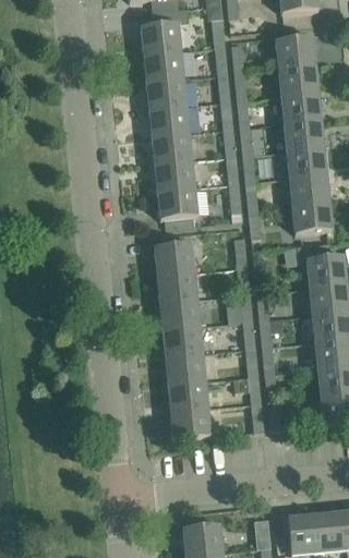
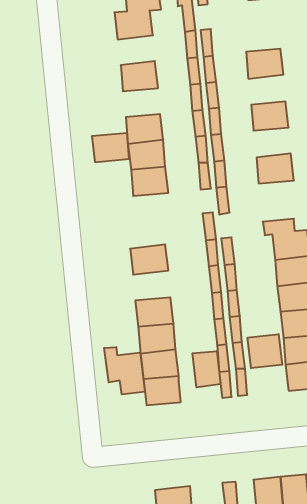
building: [276,36,315,66] -> none
building: [144,49,183,81] -> none
building: [281,90,321,122] -> none
building: [149,105,189,135] -> [92,133,129,162]
building: [287,146,326,178] -> none
building: [292,202,333,232] -> none
building: [155,242,194,274] -> none
building: [160,296,200,328] -> none
building: none -> [248,334,282,368]
building: none -> [104,347,145,394]
building: none -> [192,351,221,387]

